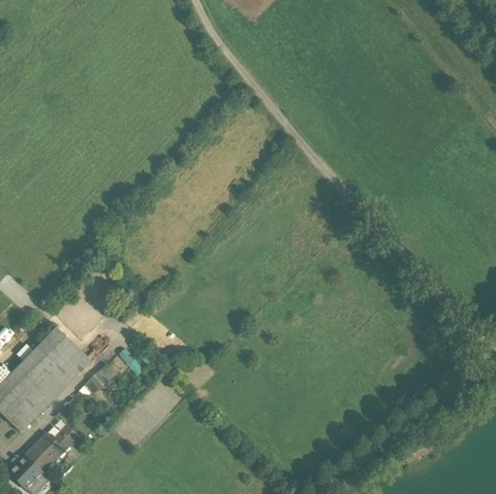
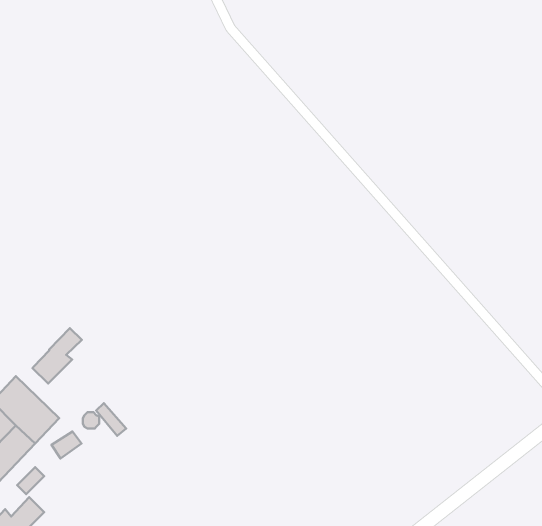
building: none -> [32,328,82,383]

